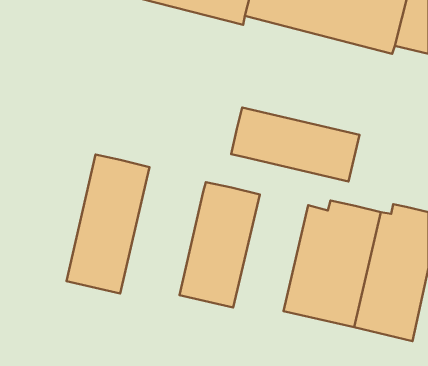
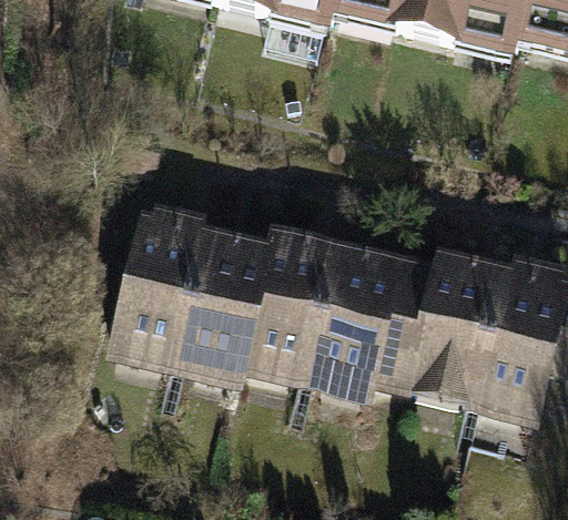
building: [231,108,359,181] -> none
building: none -> [178,233,282,394]
building: none -> [320,253,414,409]

